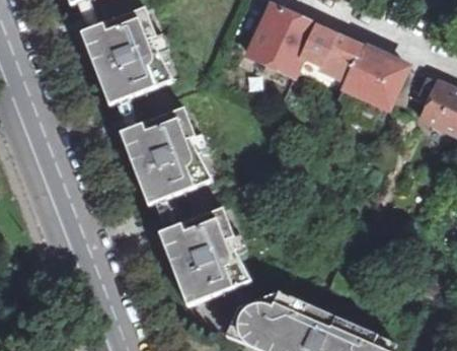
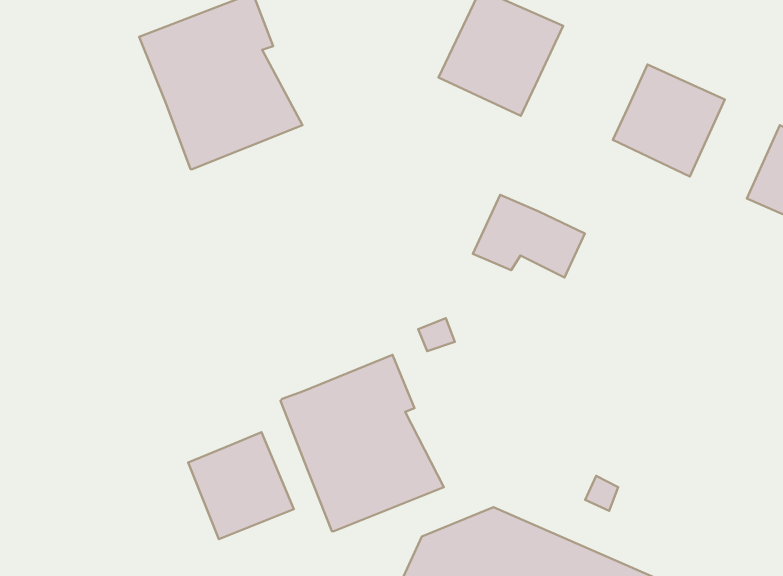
building: [300,25,362,71] -> [473,195,585,278]
building: [121,108,211,205] -> none
building: none -> [188,432,294,539]

